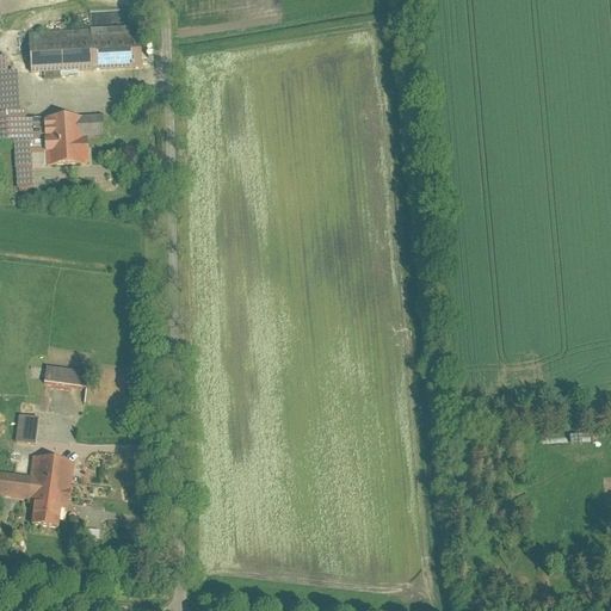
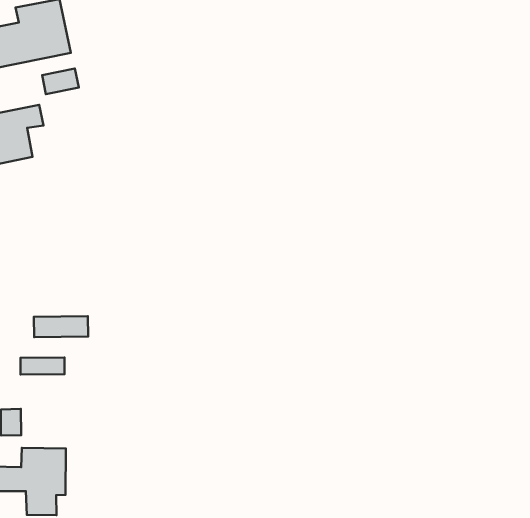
building: none -> [42,69,79,94]
building: none -> [34,316,88,337]

